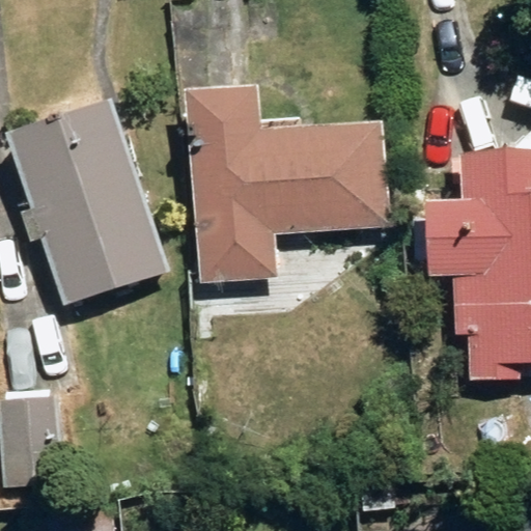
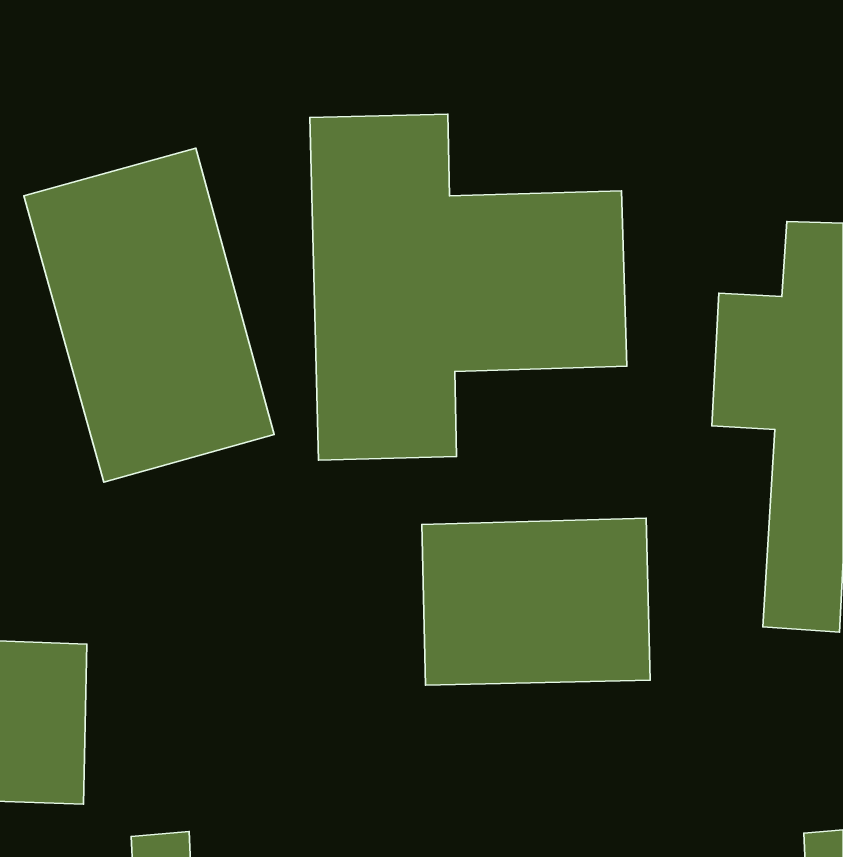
building: none -> [422,518,650,685]

